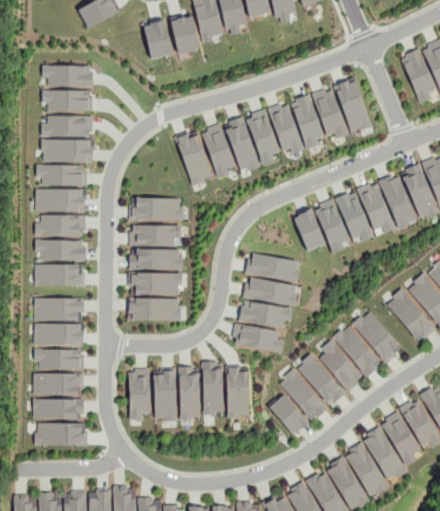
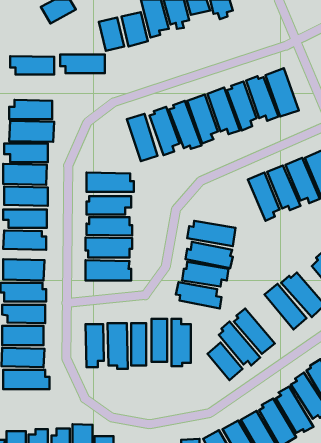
building: [42,90,93,111] -> [60,55,105,73]
building: [293,209,326,251] -> none
building: [320,340,363,391] -> none

